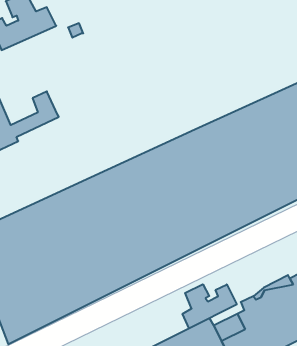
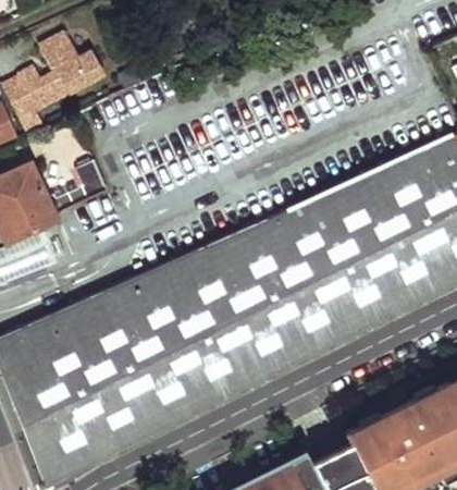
building: [183,284,237,328] -> none

